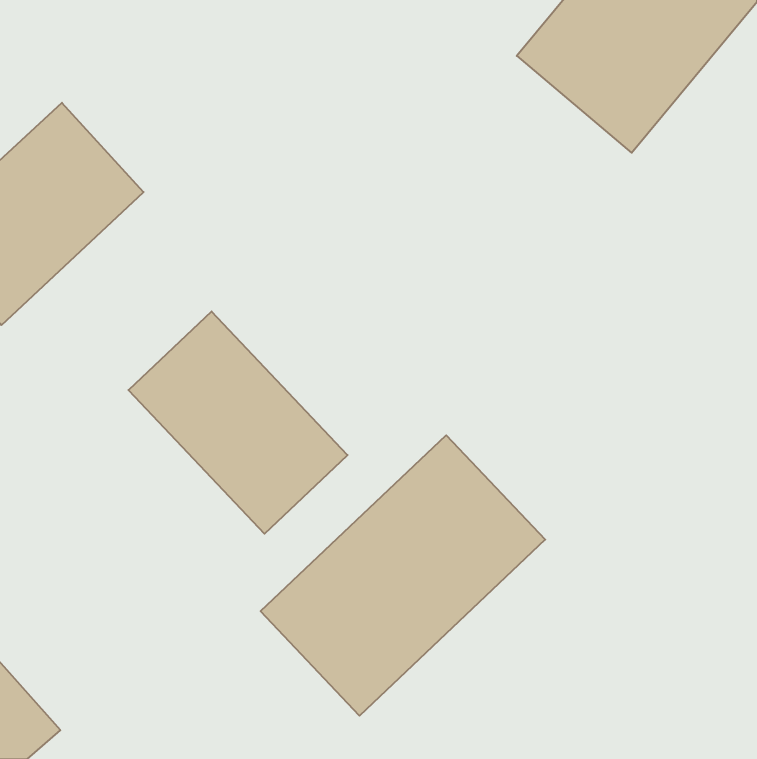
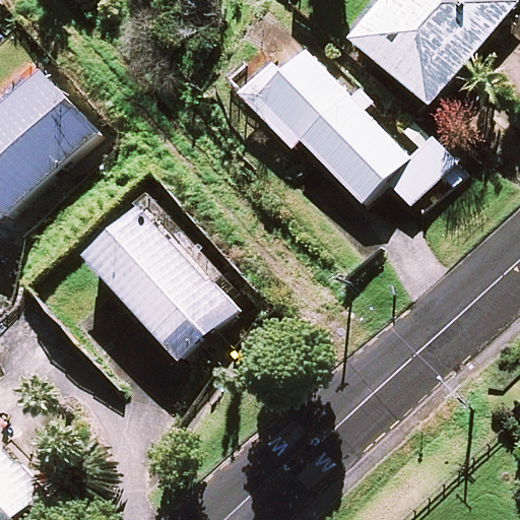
building: none -> [237,38,452,201]
building: [261,435,545,716] -> none

